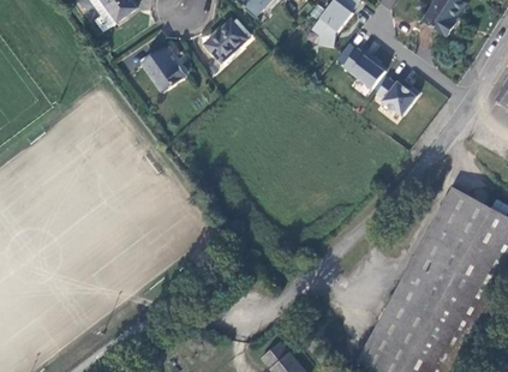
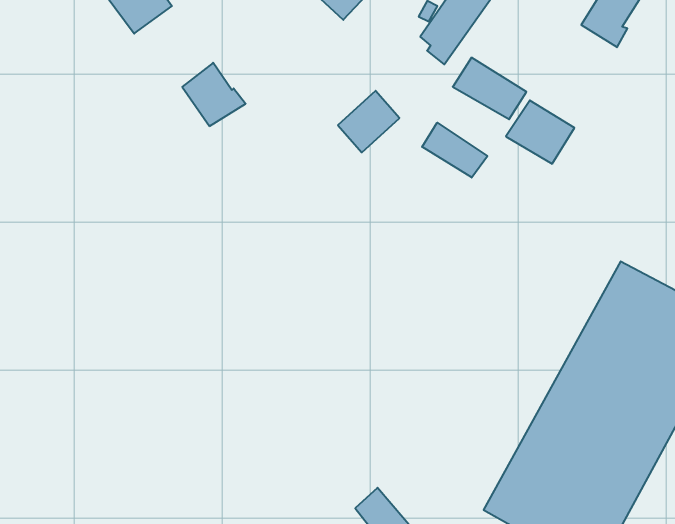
building: [205,18,249,61] -> [338,91,399,152]
building: none -> [422,123,487,178]

